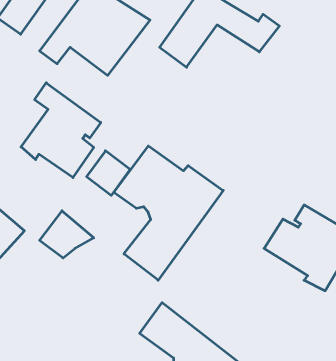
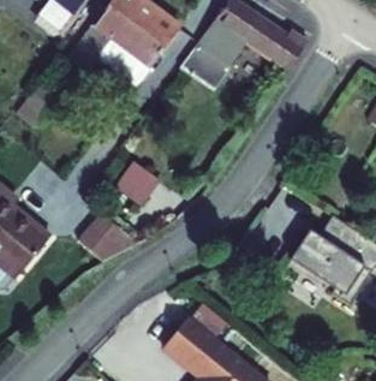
building: [21,83,101,178] -> none
building: [114,146,223,280] -> none

